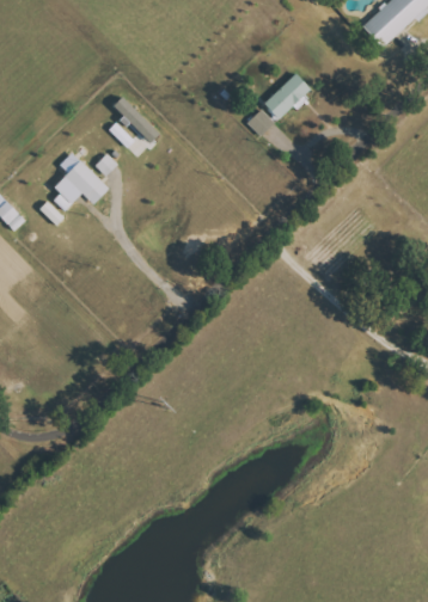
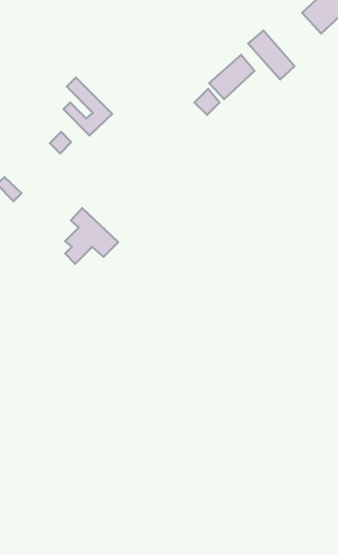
building: none -> [248,30,294,79]
building: [54,152,110,210] -> [65,208,118,264]

